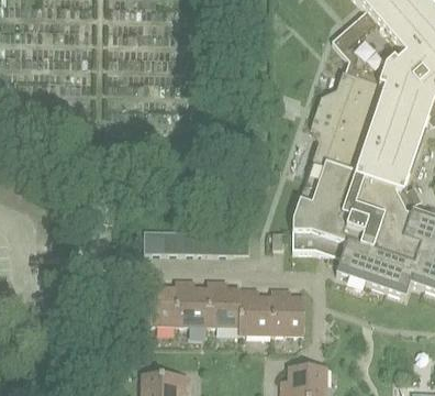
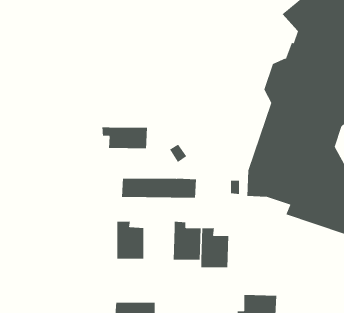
building: none -> [102,127,147,149]
building: [178,279,212,324] -> none
building: [275,288,309,334] -> none

